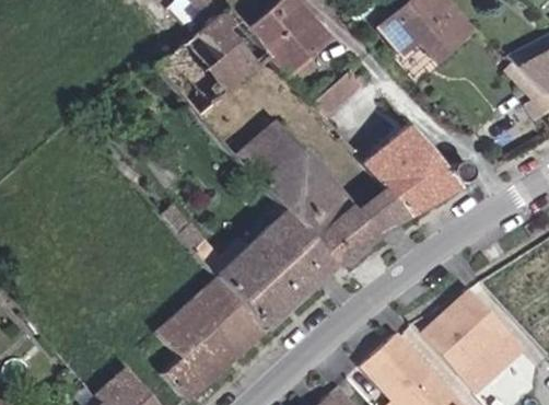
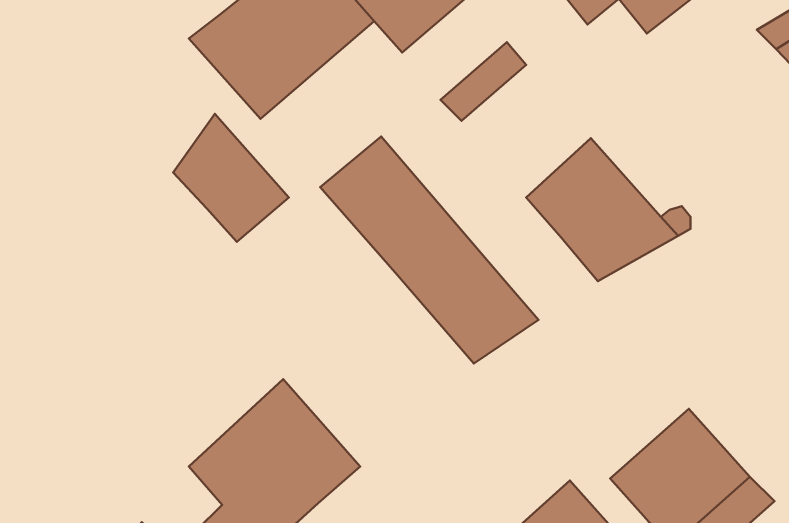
building: none -> [173,114,289,242]
building: [355,187,412,239] -> none
building: [159,201,335,331] -> none

